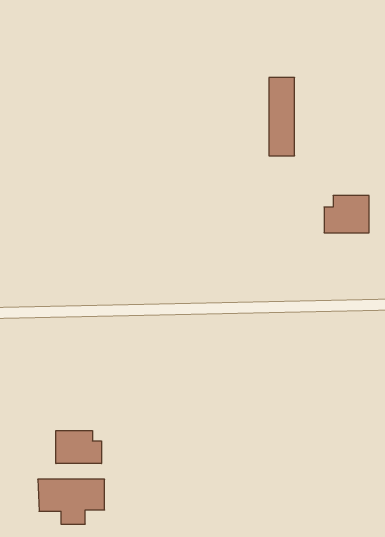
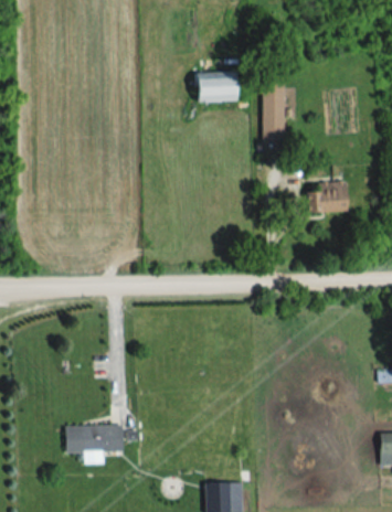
building: none -> [192,72,237,102]
building: [56,431,101,464] -> none

